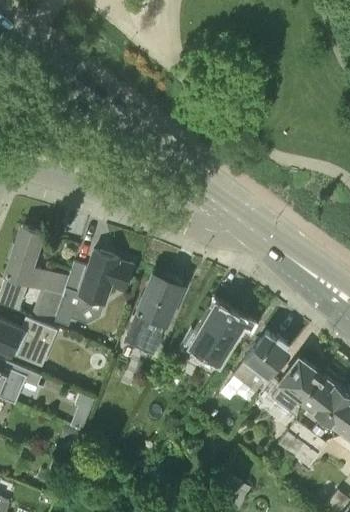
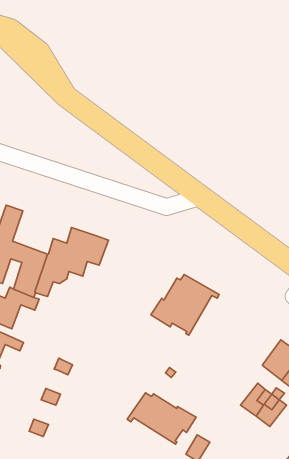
building: [126,273,184,357] -> none
building: [234,334,289,393] -> none
building: [272,358,321,418] -> none
building: none -> [127,393,196,444]

